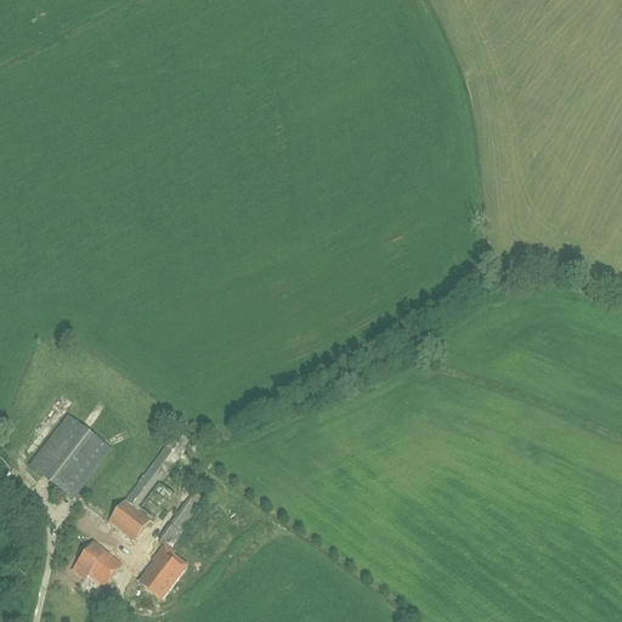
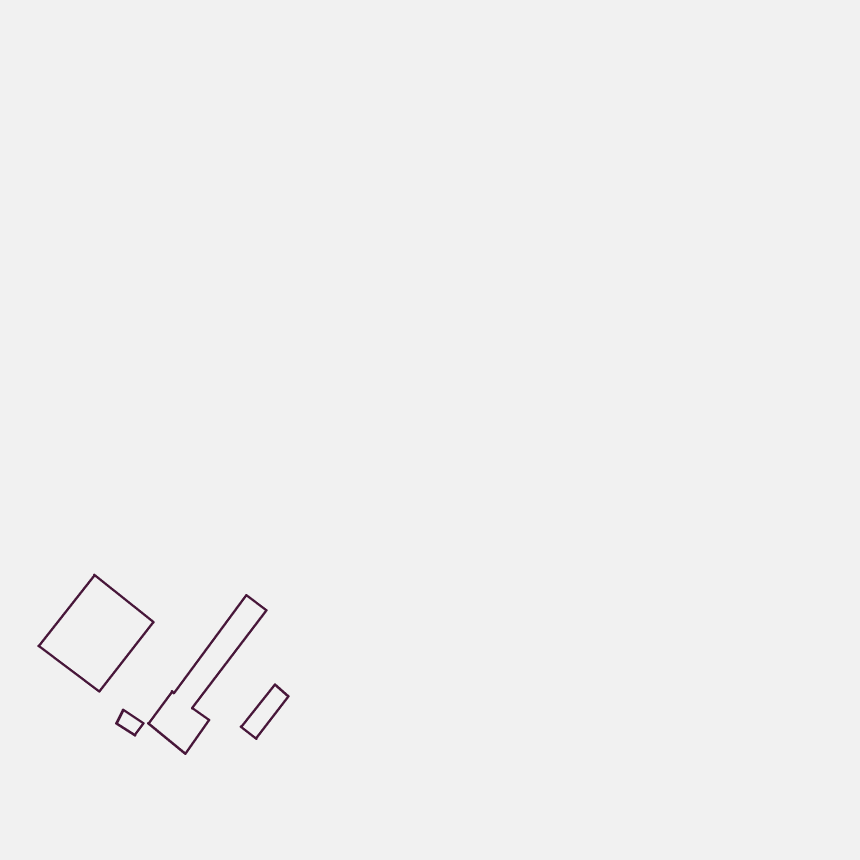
building: [135,537,182,590] -> none
building: [72,542,120,586] -> none

